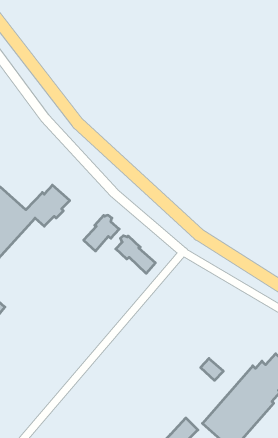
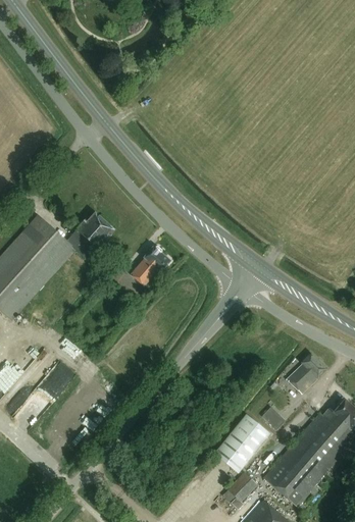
building: [116,236,155,273] -> none
building: none -> [287,352,327,394]
building: none -> [214,414,270,473]

